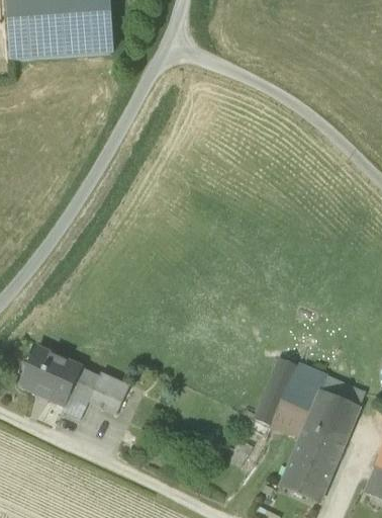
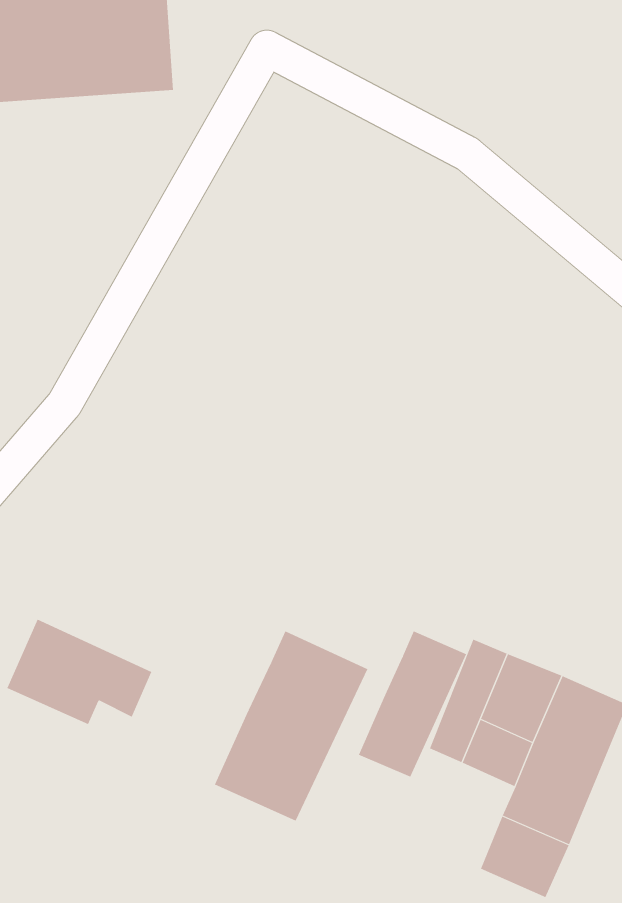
building: none -> [358,630,467,778]
building: none -> [214,631,368,821]
building: [89,373,129,415] -> none

